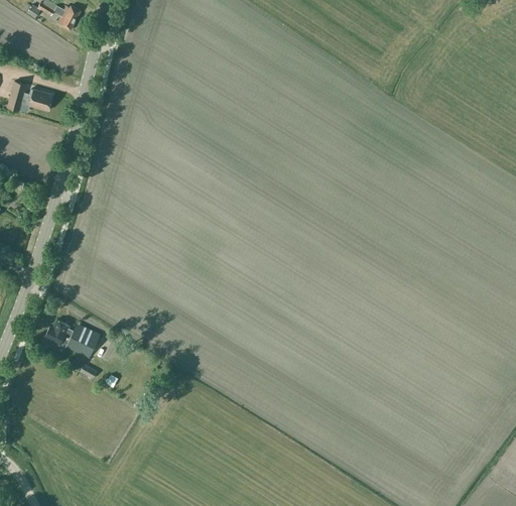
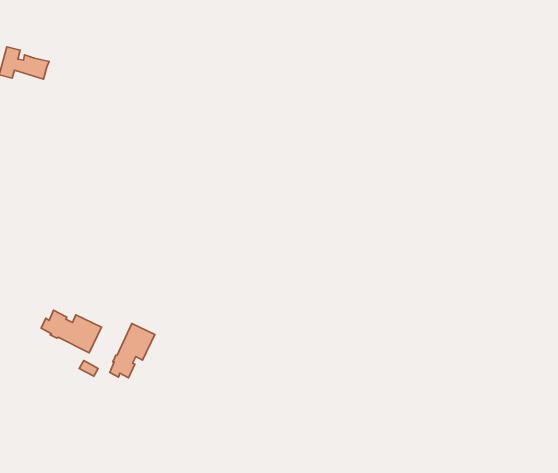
building: none -> [110,324,155,378]

